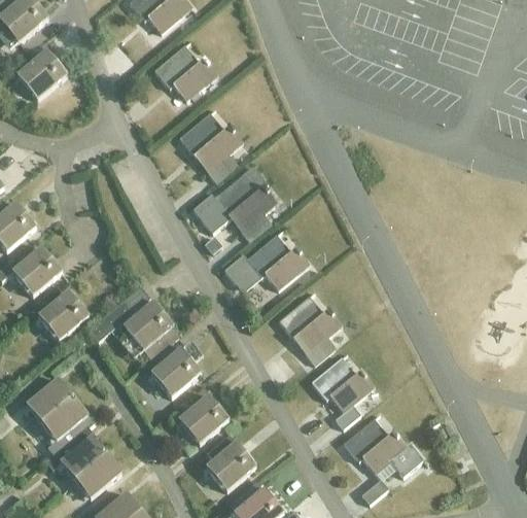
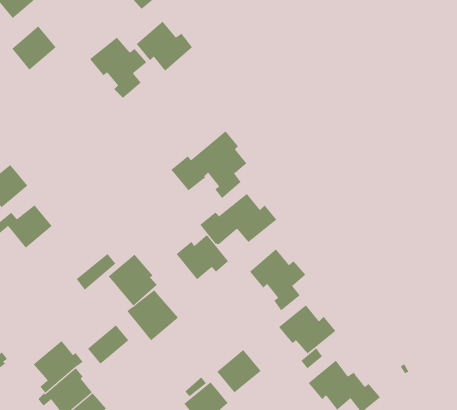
building: [178,113,242,181] -> [89,37,147,99]
building: none -> [176,234,229,280]
building: [38,291,87,340] -> none
building: [26,379,72,423] -> [87,324,129,365]
building: [178,395,227,444] -> [216,349,261,393]

